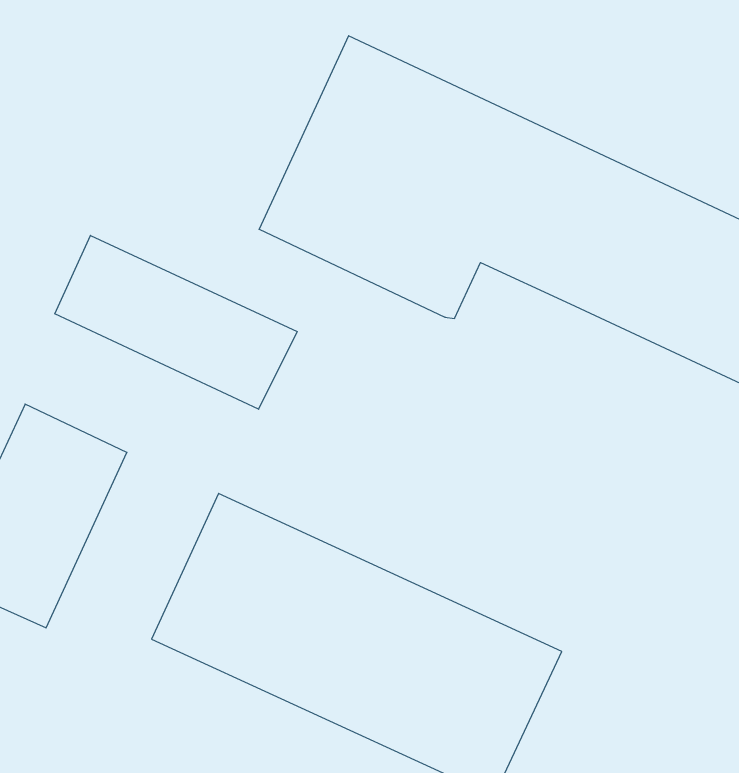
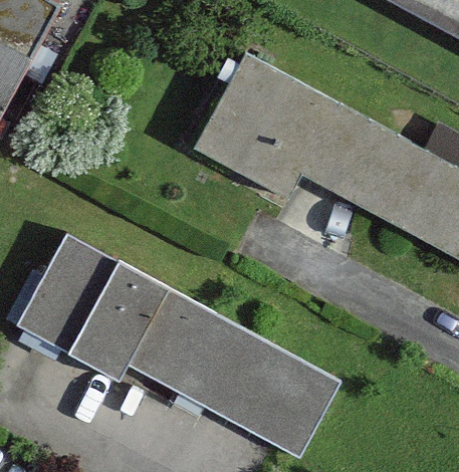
building: [55,235,297,409] -> none
building: none -> [70,262,164,376]

